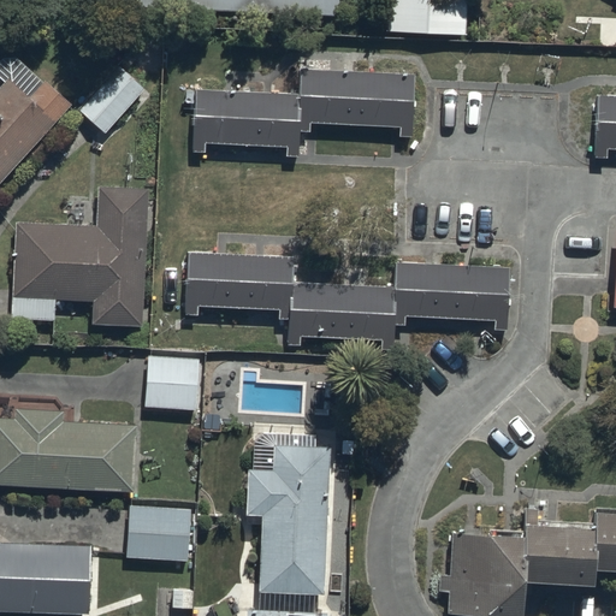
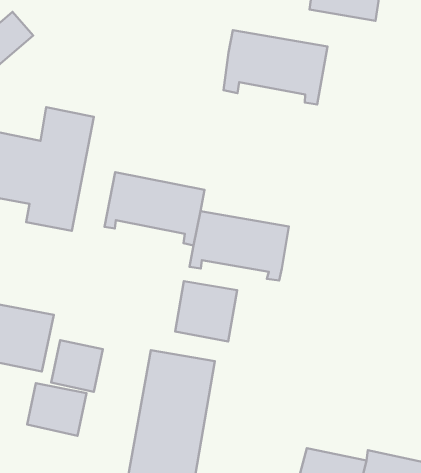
building: [78,65,142,131] -> none
building: [185,88,298,161] -> none
building: [395,262,509,336] -> none
building: [144,355,199,409] -> [51,340,103,392]
building: none -> [175,281,237,342]

